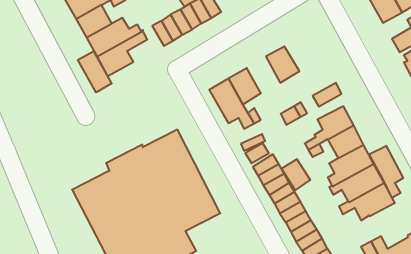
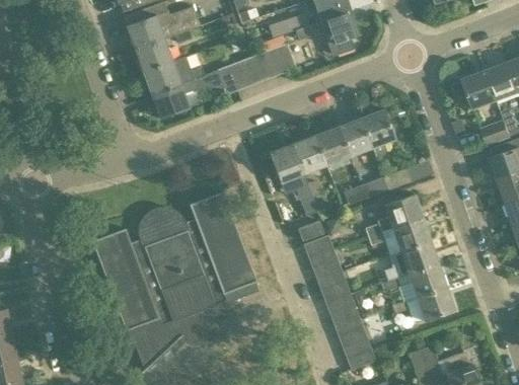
building: none -> [360,108,395,159]
building: [78,51,112,92] -> none
building: none -> [314,126,349,165]
building: [369,146,403,198] -> none
building: [282,159,310,190] -> none

